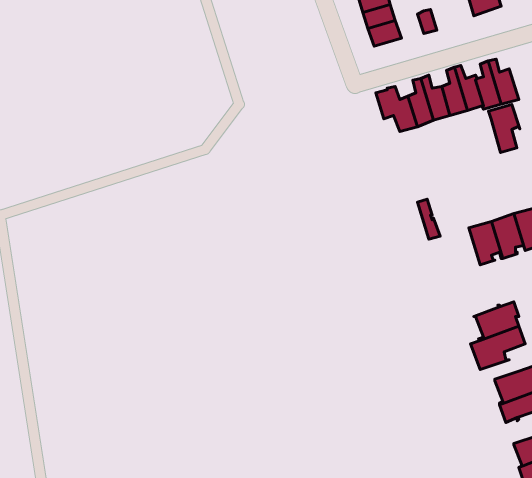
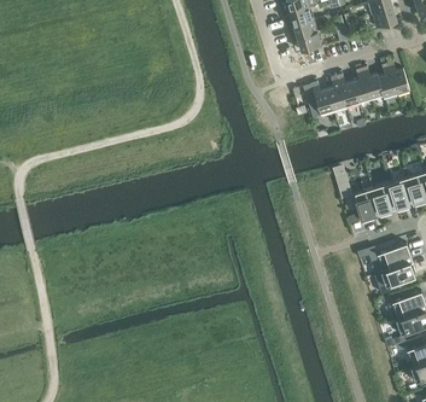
building: [488,104,520,152] -> none
building: none -> [355,188,381,222]

